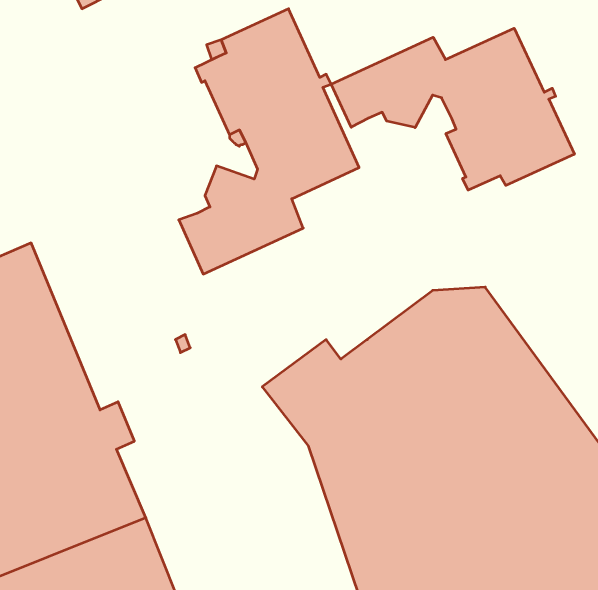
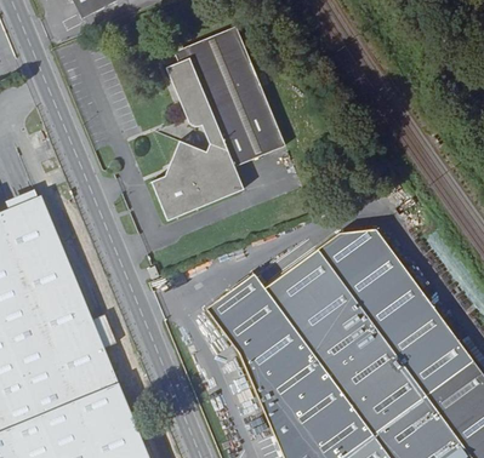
building: [331,28,574,190] -> none

